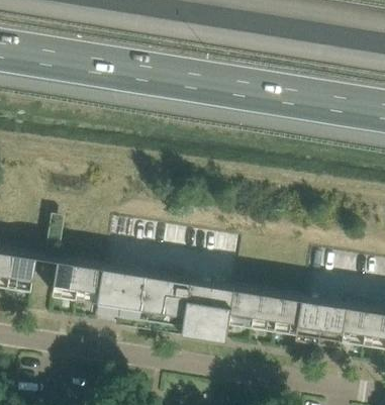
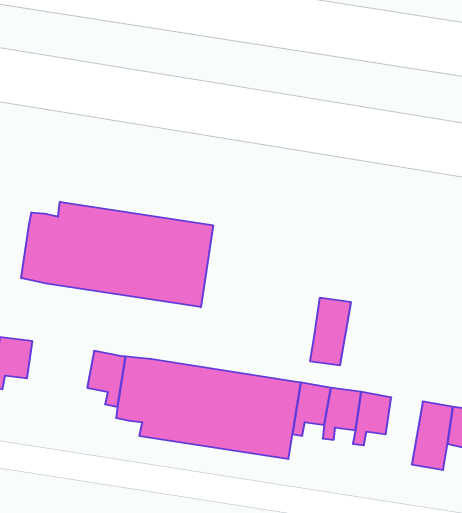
building: none -> [21,202,213,307]
building: [54,261,83,301] -> none
building: [295,298,325,347] -> [310,298,351,365]

